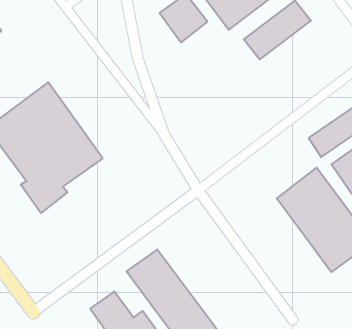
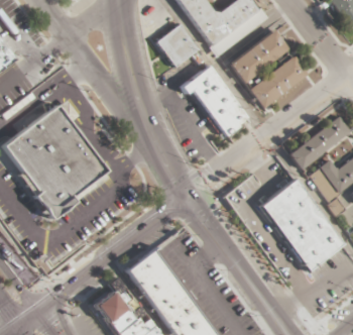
building: none -> [250,55,309,107]
building: none -> [186,65,250,137]

